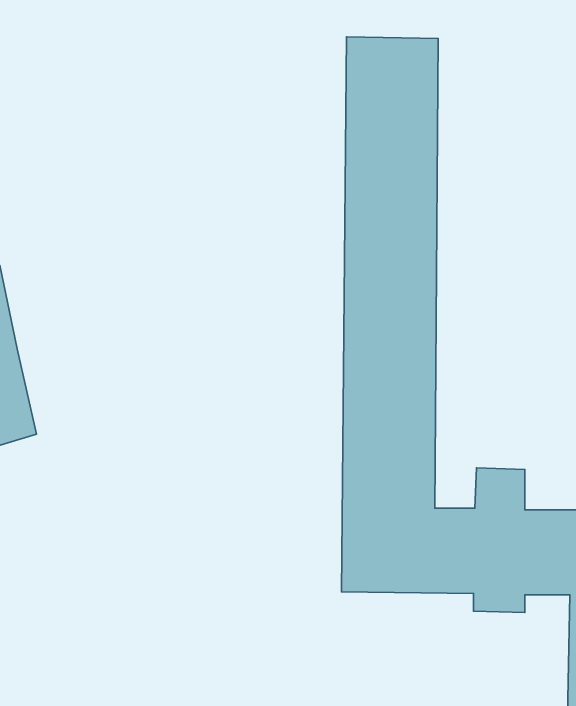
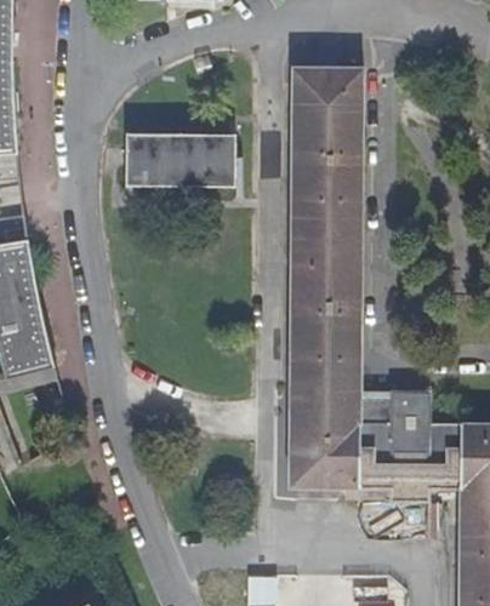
building: none -> [125,136,235,185]

